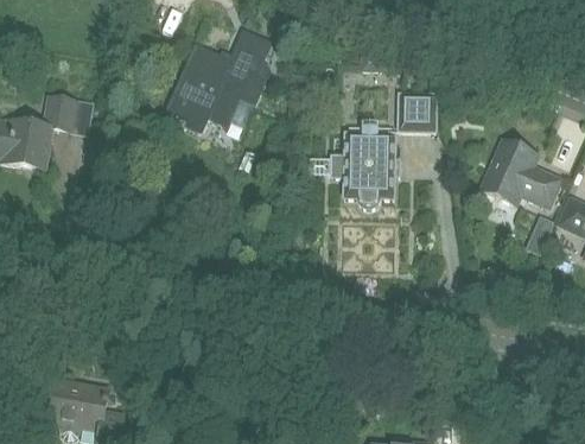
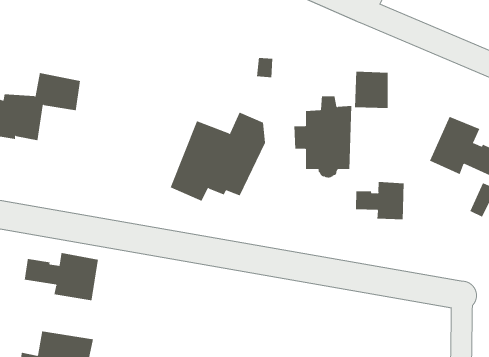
building: [165,32,272,132] -> [170,112,266,202]
building: none -> [355,181,404,220]
building: none -> [24,252,99,301]

